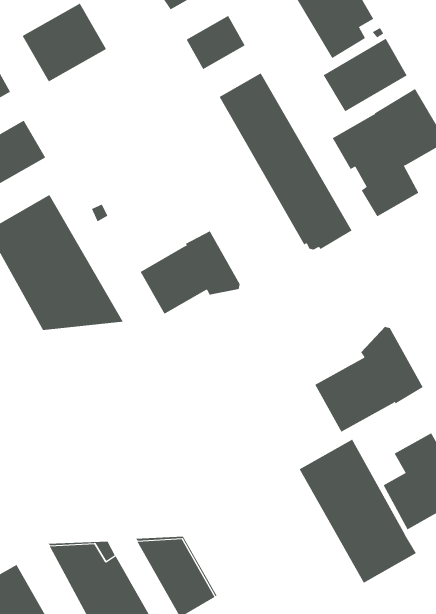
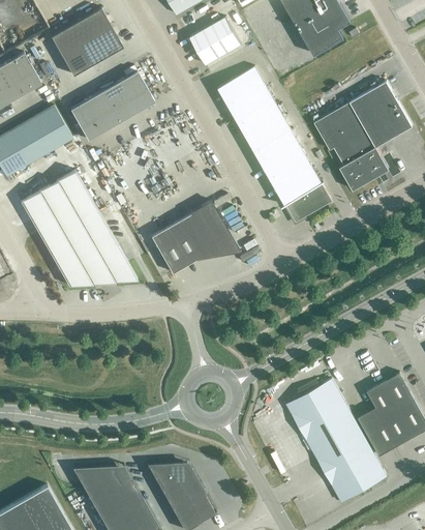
building: [323,38,408,112] -> none
building: none -> [70,71,154,141]
building: [315,326,424,432] -> none

